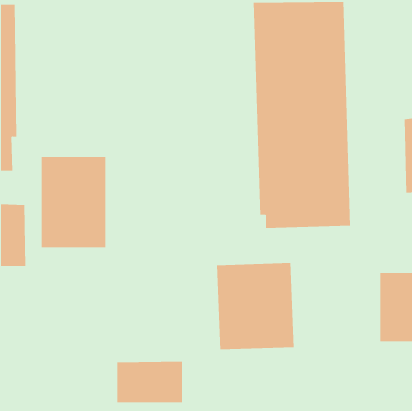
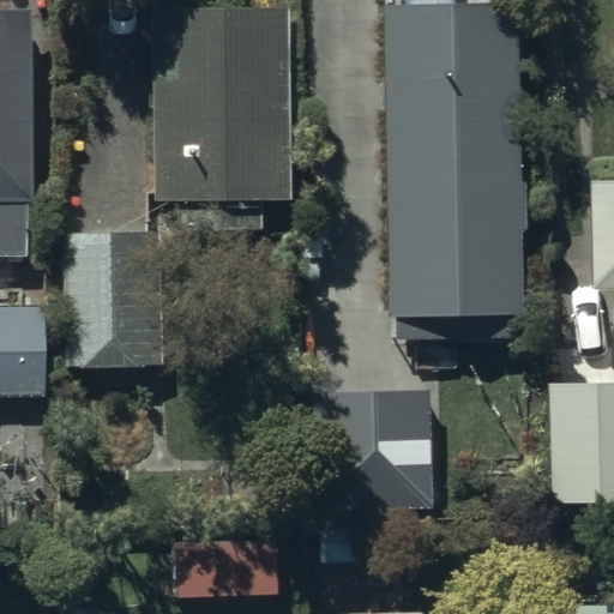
building: none -> [150,8,291,229]

